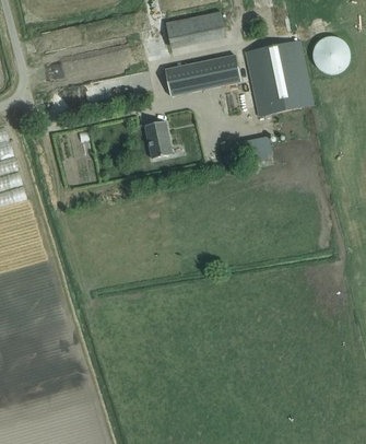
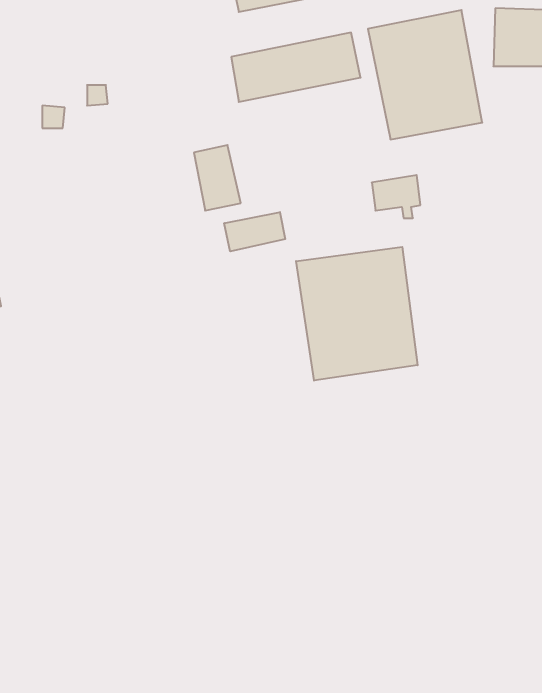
building: none -> [224,212,285,251]
building: none -> [296,247,418,381]

